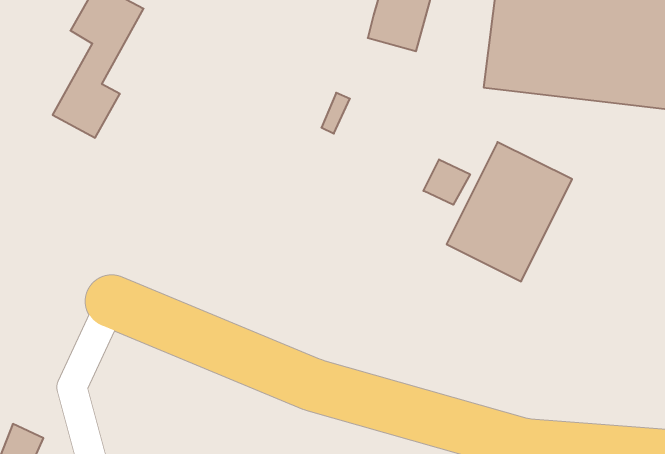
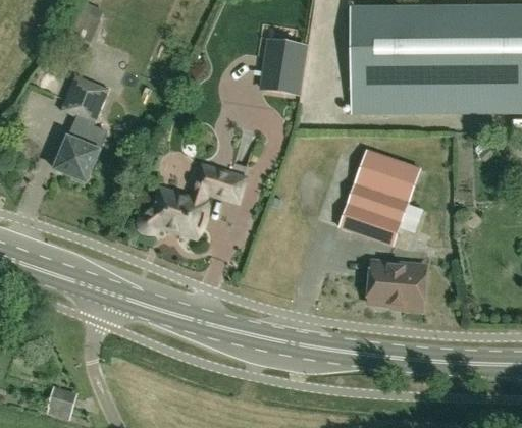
building: none -> [140,164,246,236]
building: [423,159,470,205] -> none
building: none -> [368,260,425,309]

